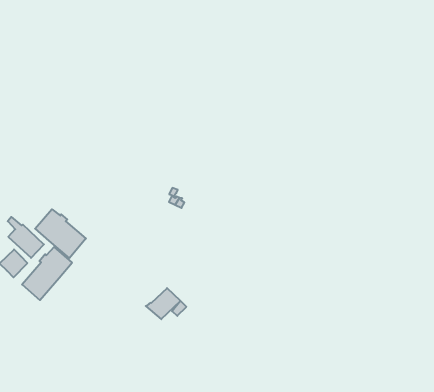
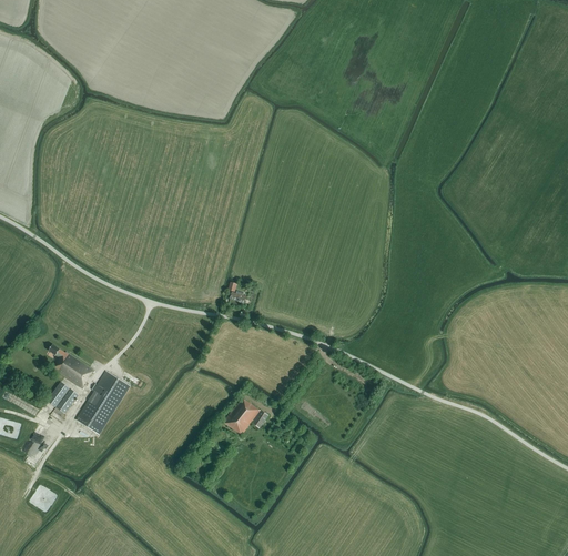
building: [35,209,86,258] -> none

